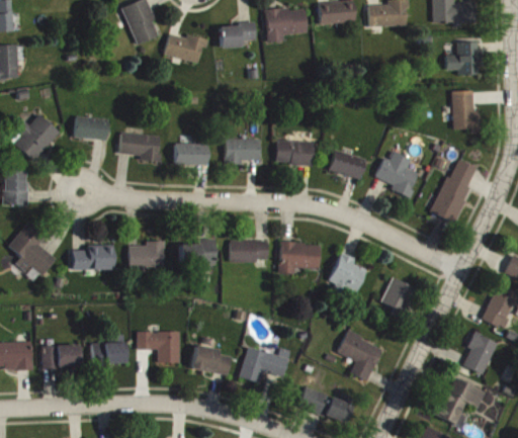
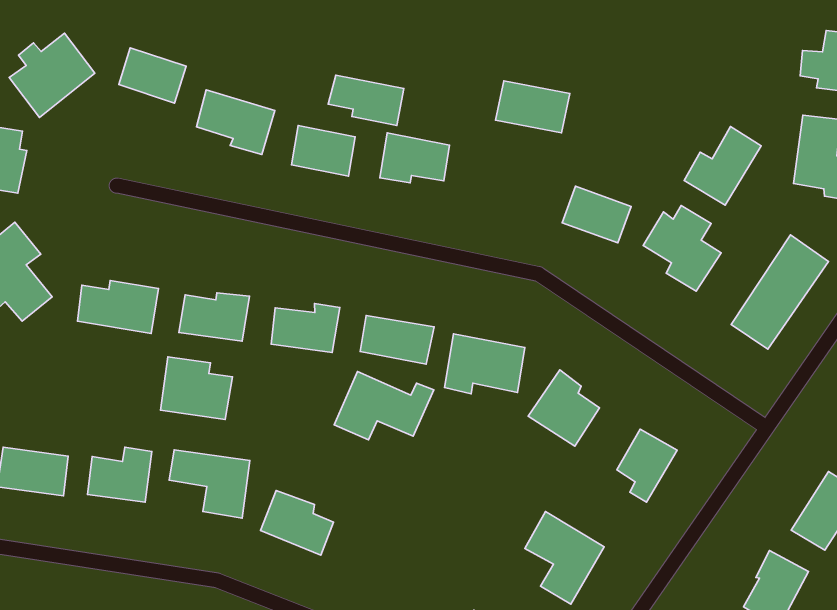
building: none -> [684,127,761,205]
building: none -> [328,75,404,126]
building: [275,141,314,164] -> [495,81,570,133]
building: none -> [160,357,233,419]
building: [239,347,290,383] -> [334,372,434,440]

